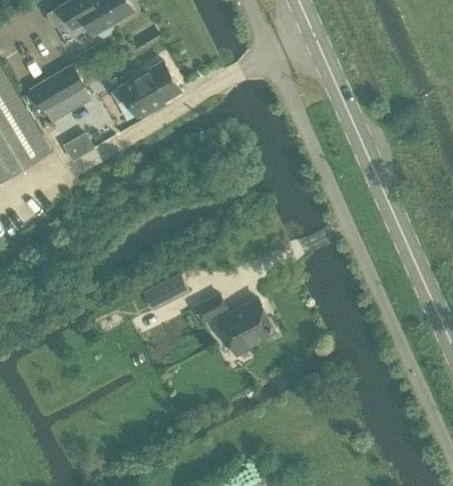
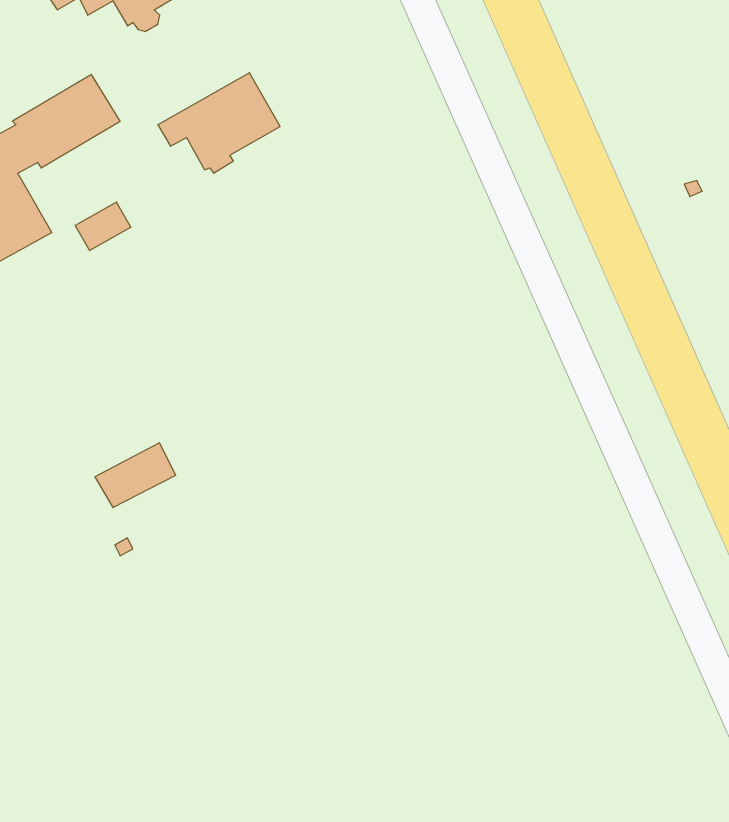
building: [141,275,186,311] -> [95,443,176,508]
building: [194,299,274,359] -> none

